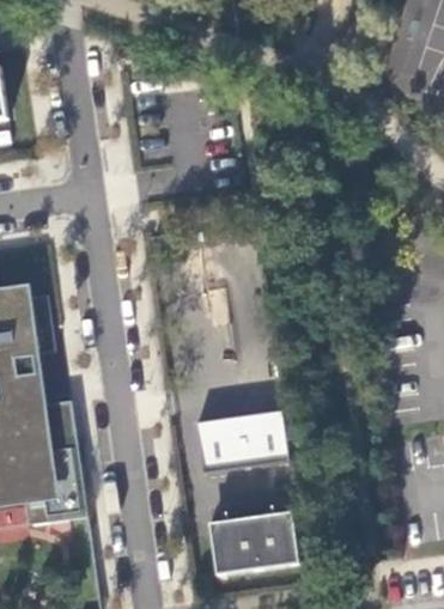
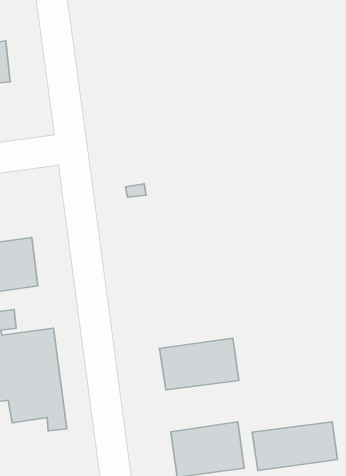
building: none -> [252,422,338,471]

